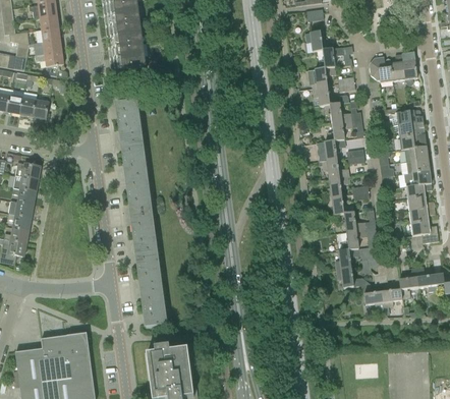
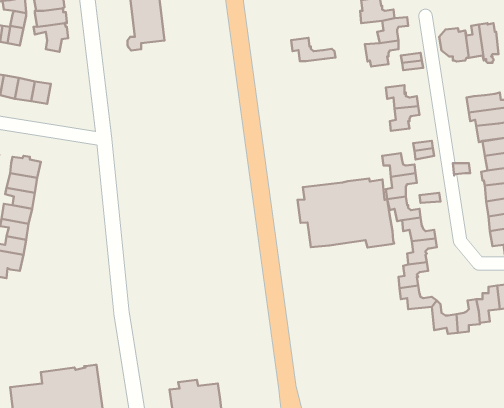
building: [313,86,349,105] -> [291,38,336,61]
building: [116,100,166,326] -> none
building: [317,138,345,161] -> none
building: none -> [297,178,394,248]

